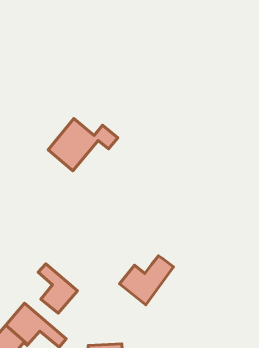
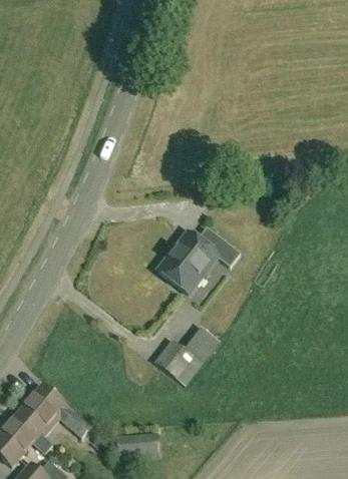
building: [48,118,118,171] -> [158,232,241,295]
building: [38,264,77,313] -> none

